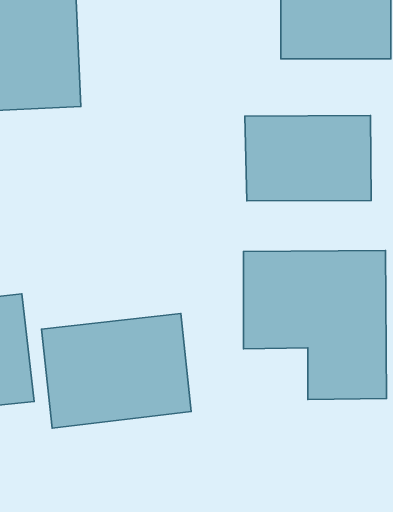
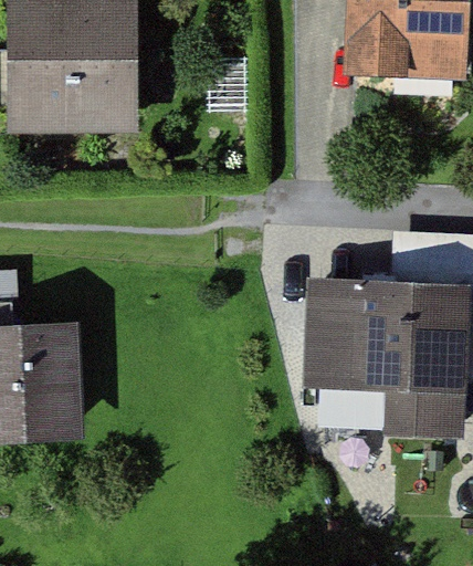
building: [245,116,371,201] -> none
building: [42,313,191,428] -> none

